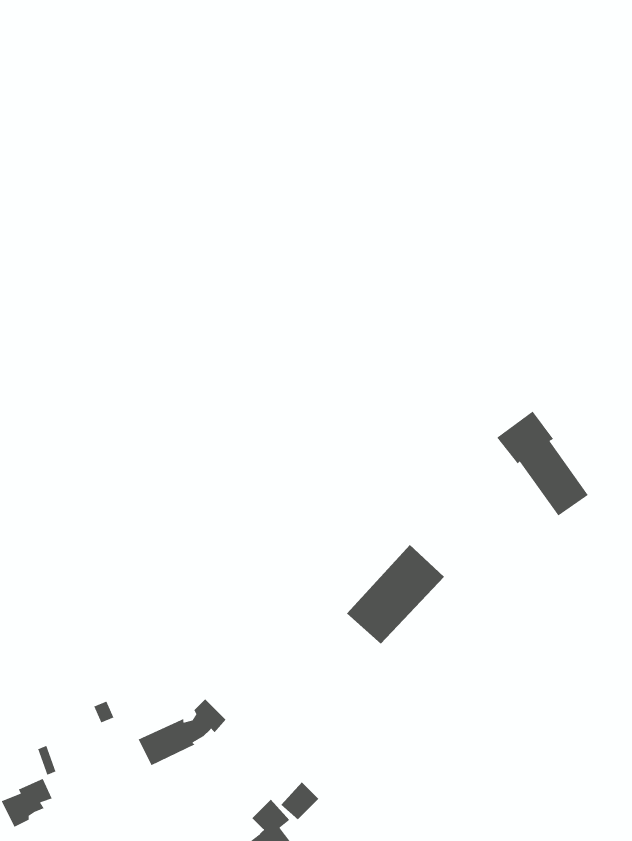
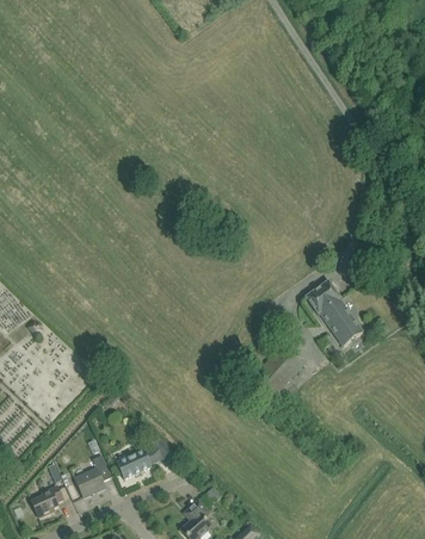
building: [496,410,589,517] -> [306,280,363,346]
building: none -> [74,456,111,497]

